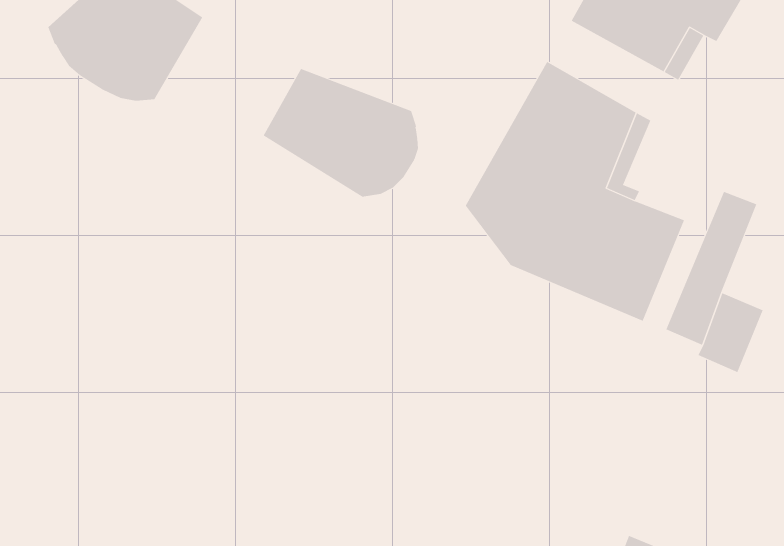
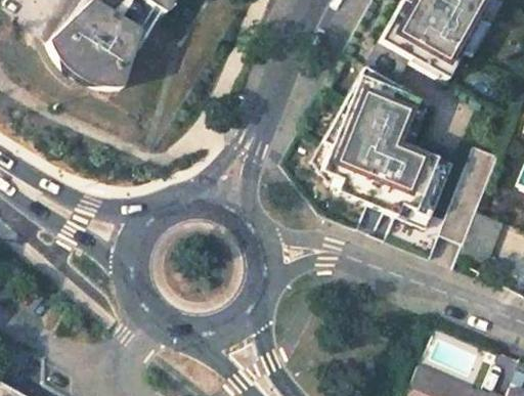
building: [263,68,418,197] -> none

